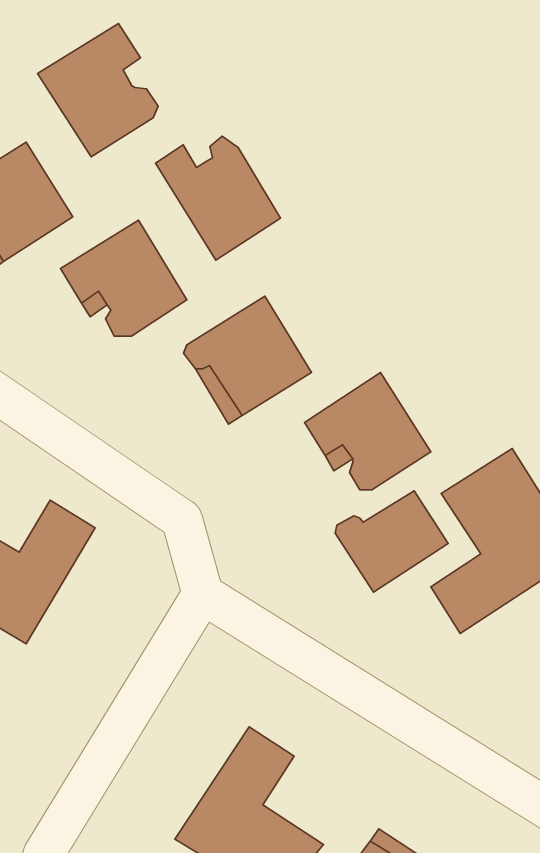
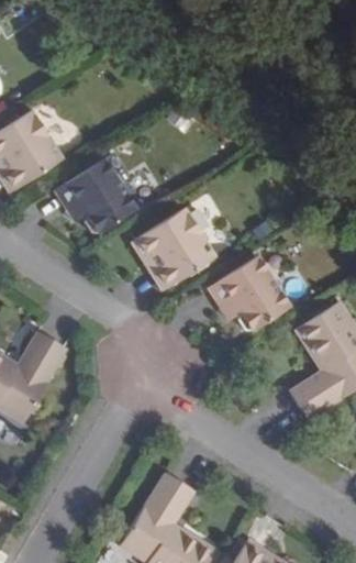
building: [37,24,158,157] -> none
building: [155,136,281,260] -> none
building: [335,491,448,592] -> none

